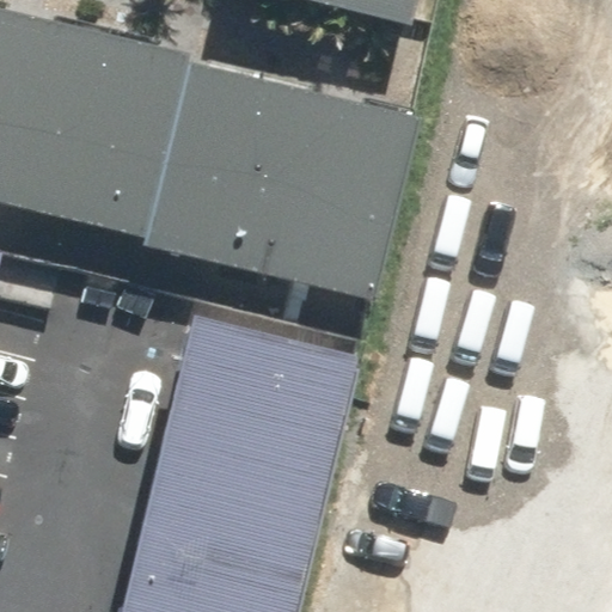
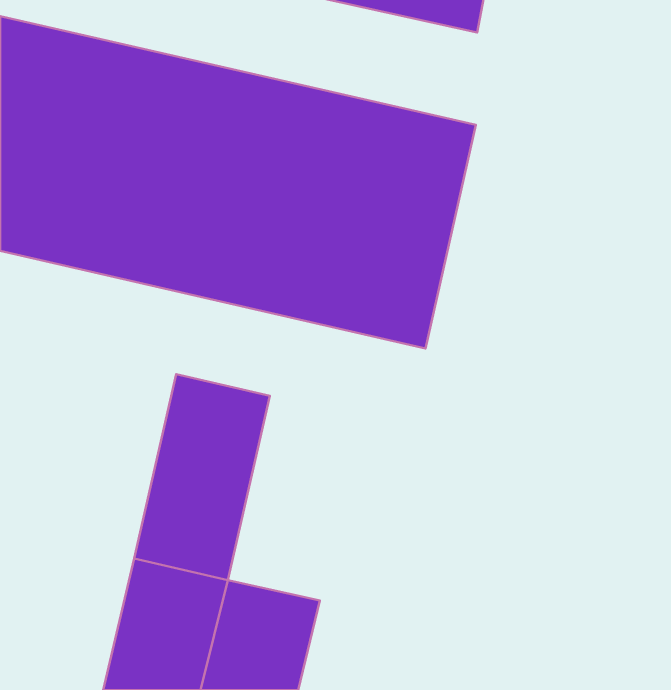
building: [220,349,339,530] -> none

